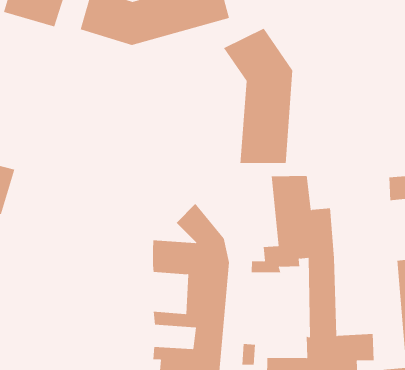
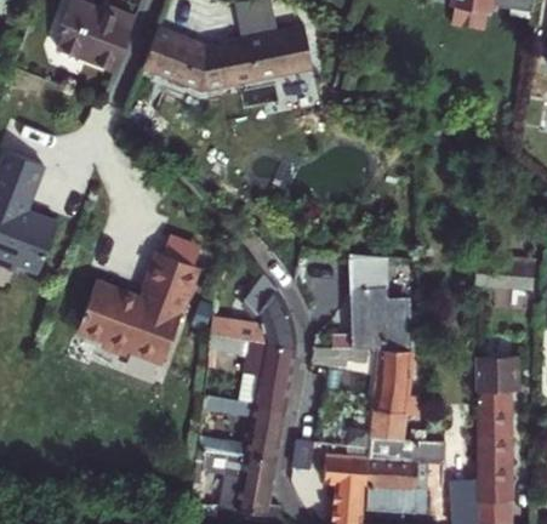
building: [223,28,293,164] -> none
building: none -> [78,249,195,359]

